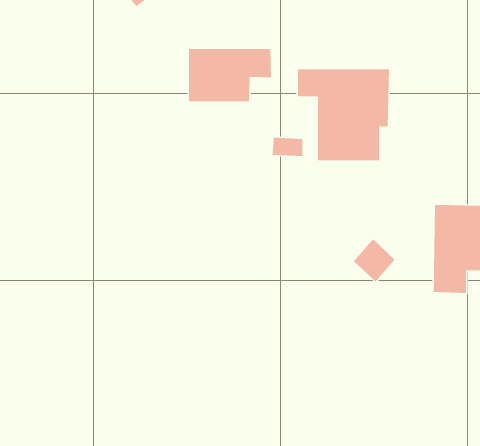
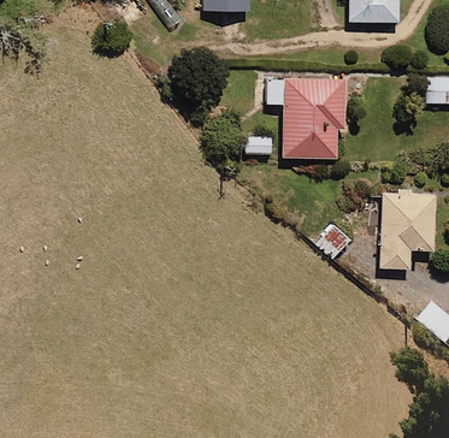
building: [188,48,272,102] -> none

